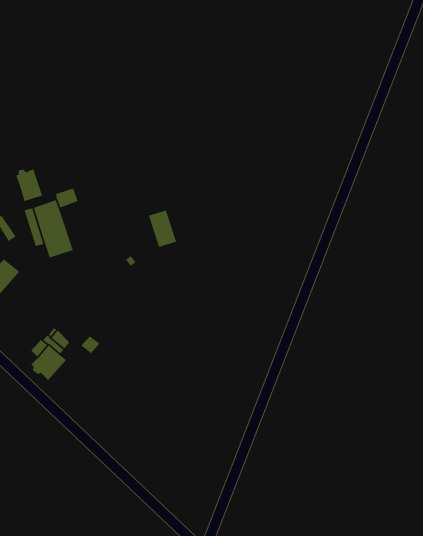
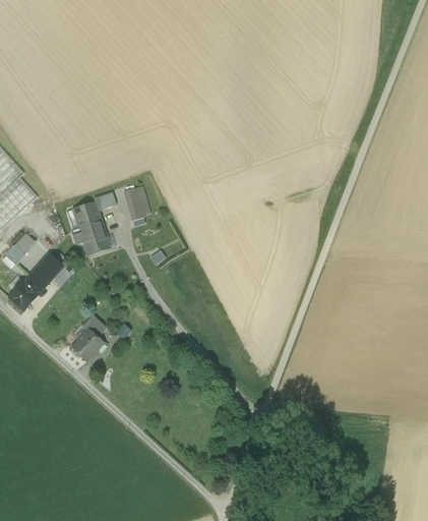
building: [15,168,43,202] -> none
building: [148,210,177,248] -> [123,185,148,219]

